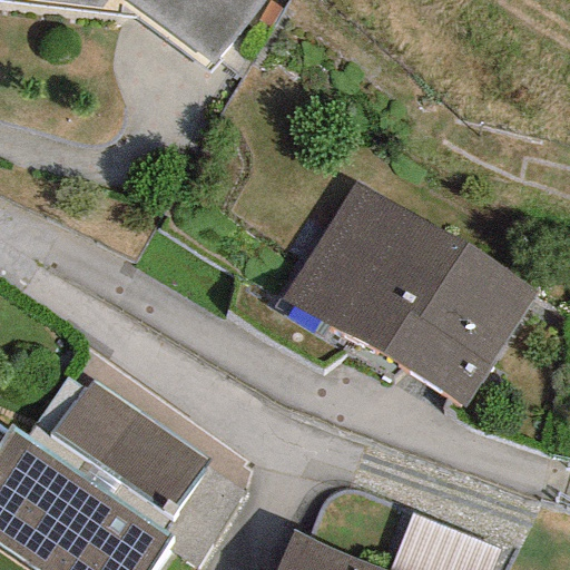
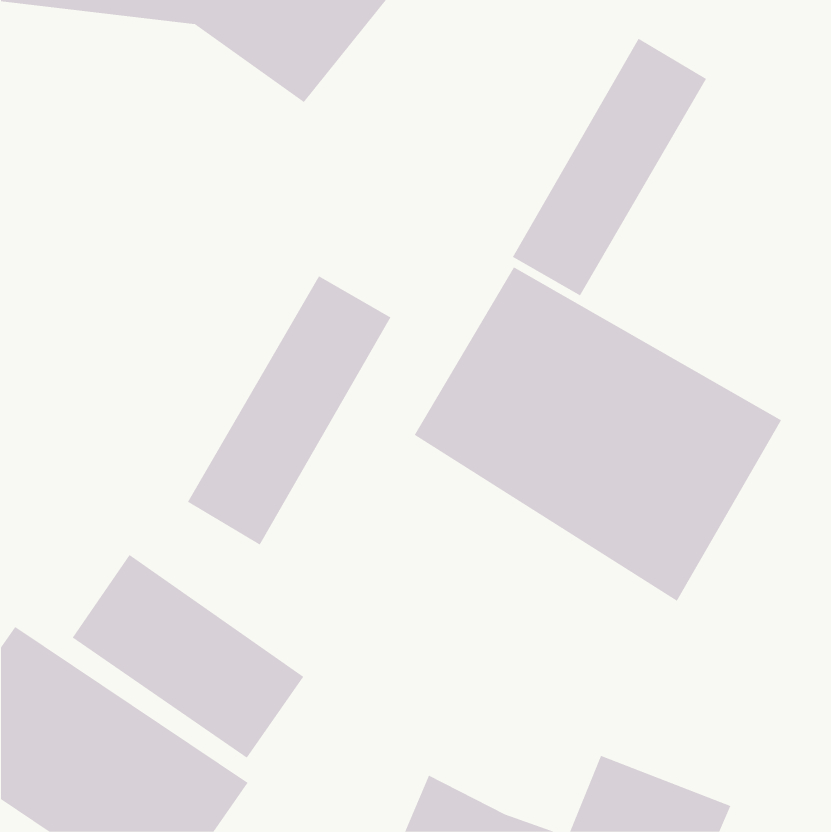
building: none -> [512,38,707,296]
building: none -> [187,276,391,545]

